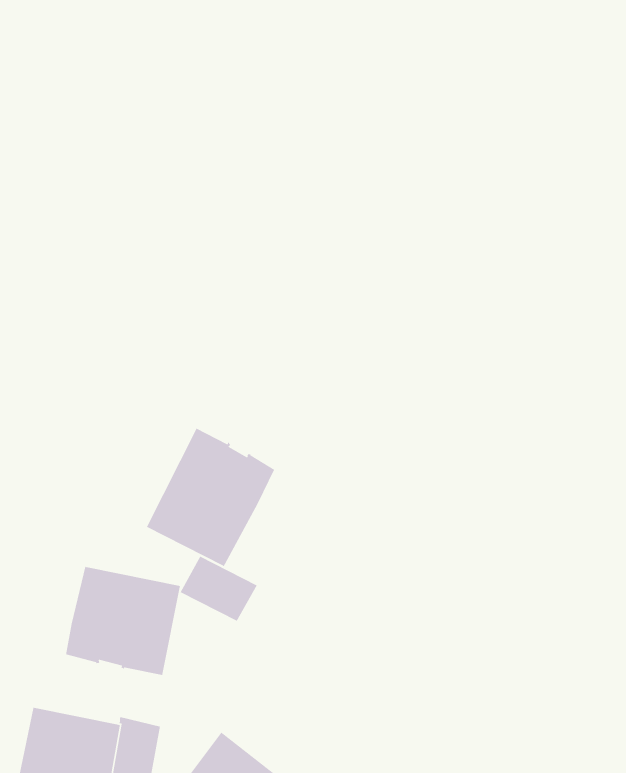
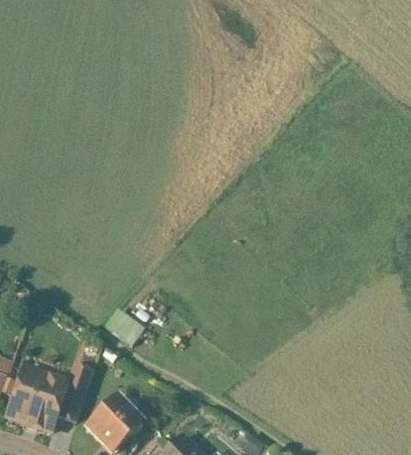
building: [146,427,275,568] -> none
building: [65,565,181,676] -> none

